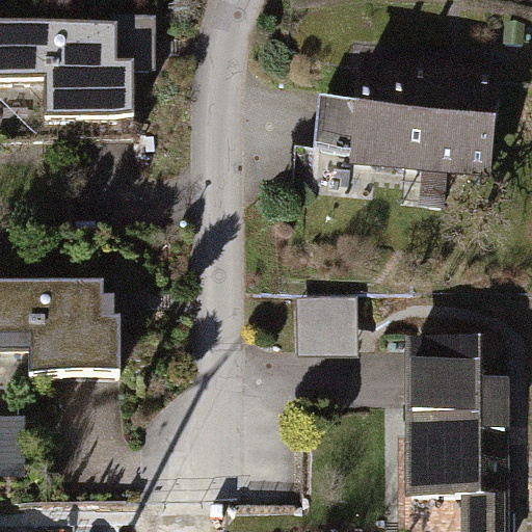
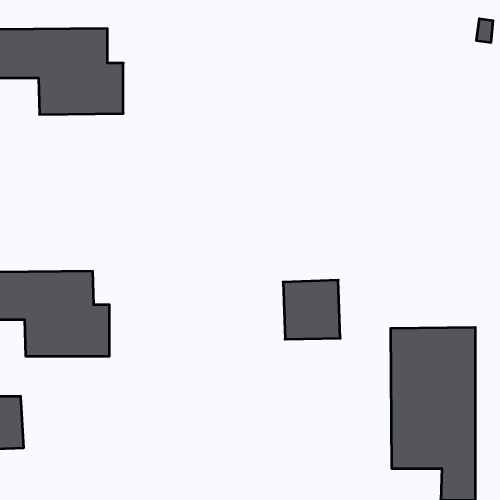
building: [310,58,489,168] -> none

